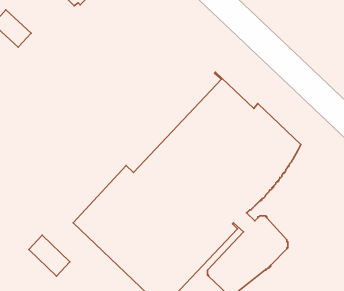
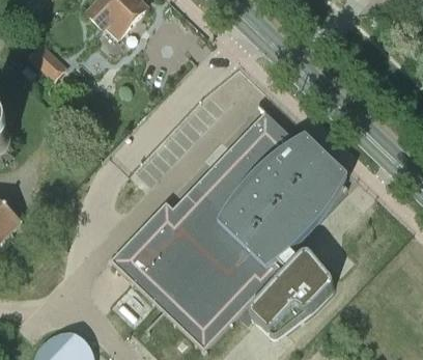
building: [29,235,70,276] -> none

